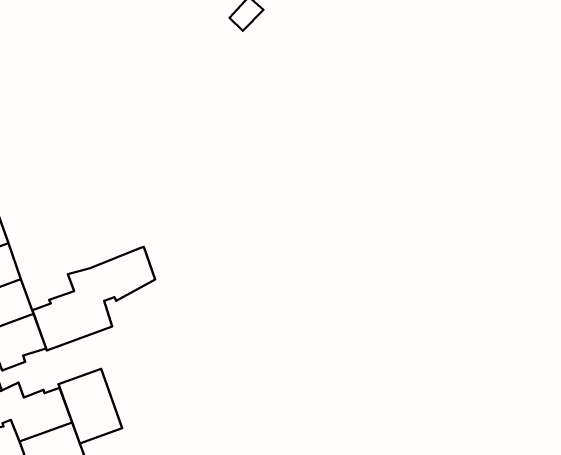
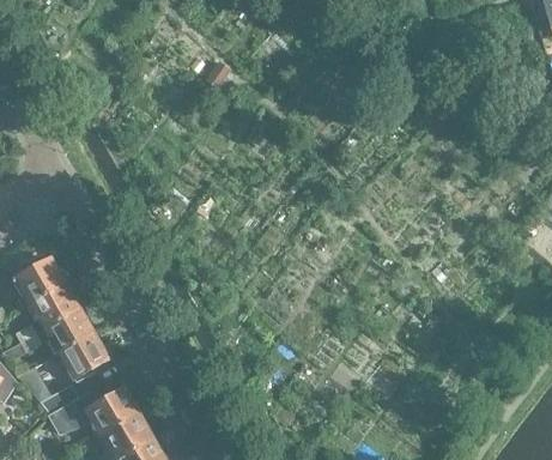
building: [32,247,155,350] -> none
building: [59,369,122,443] -> none

